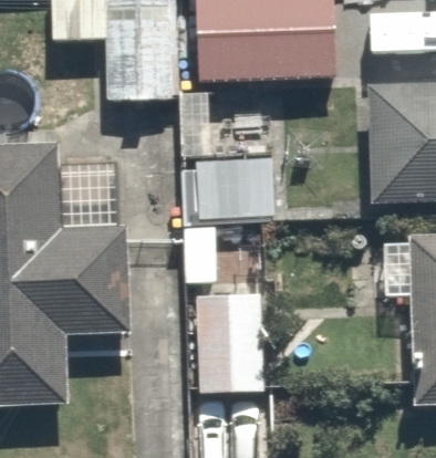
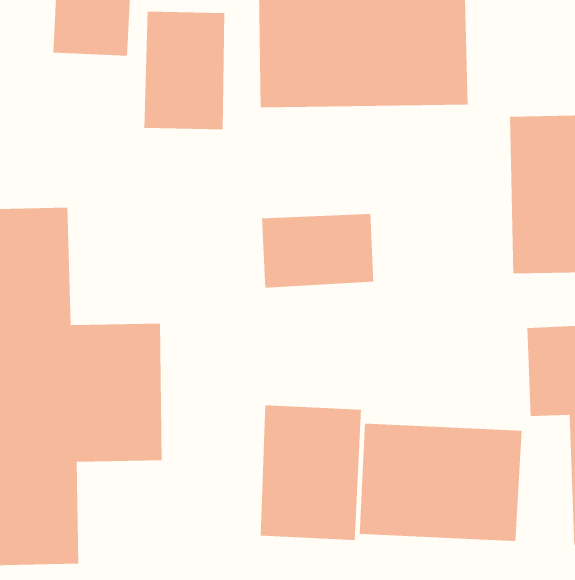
building: none -> [359,423,523,542]

